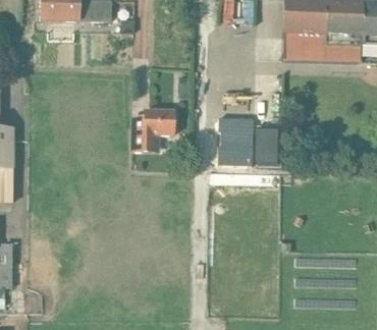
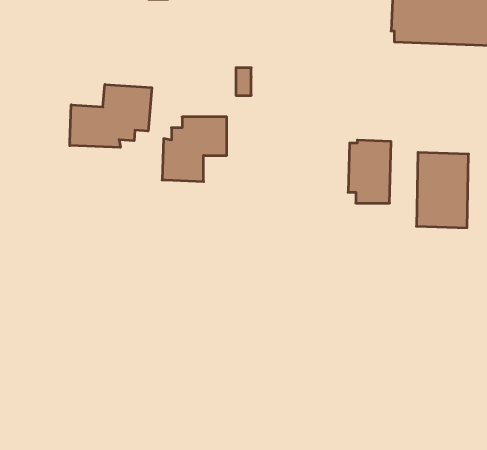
building: none -> [70,84,152,147]
building: [217,116,252,166] -> [416,152,469,228]

